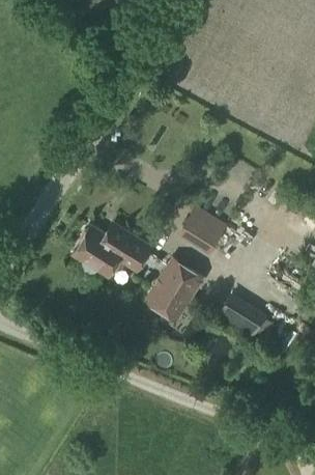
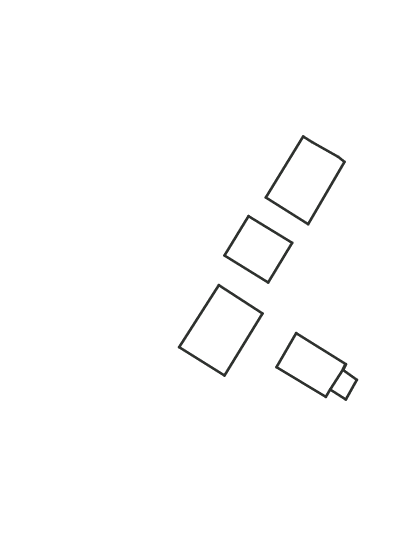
building: none -> [266,137,345,224]
building: [74,225,151,273] -> none

